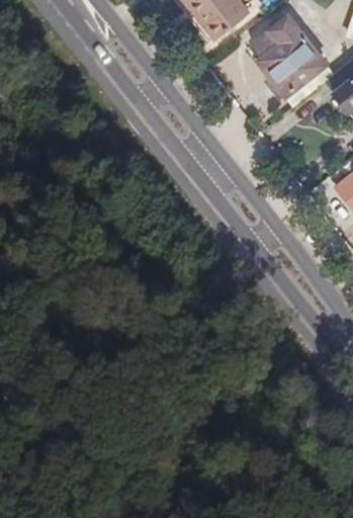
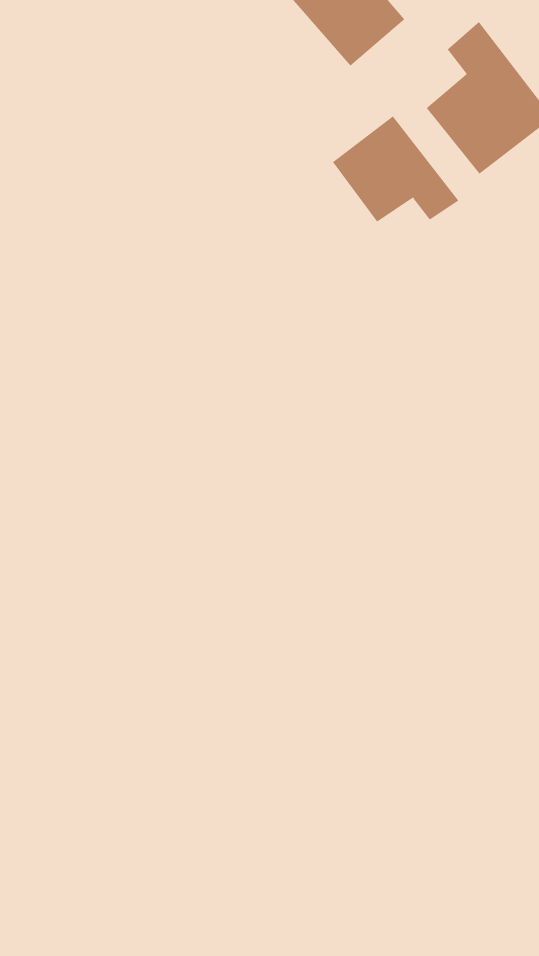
building: none -> [332,115,459,223]

